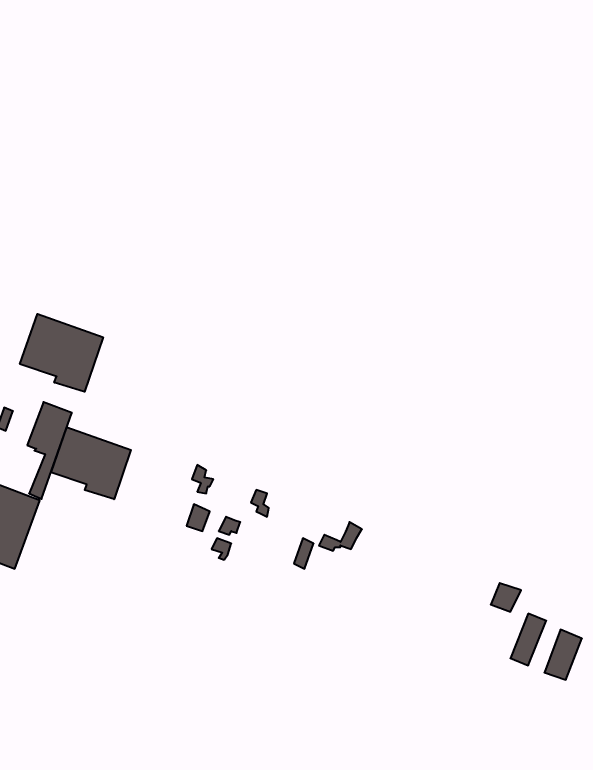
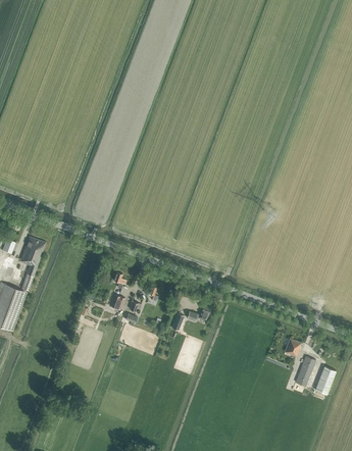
building: [20,314,103,392] -> none
building: [51,427,131,499] -> none

